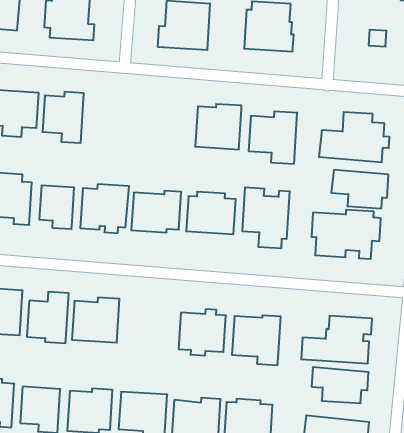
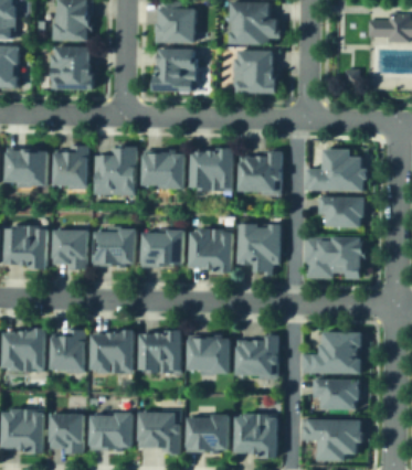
building: none -> [93,143,136,192]
building: none -> [141,148,181,186]
building: none -> [139,327,180,368]

